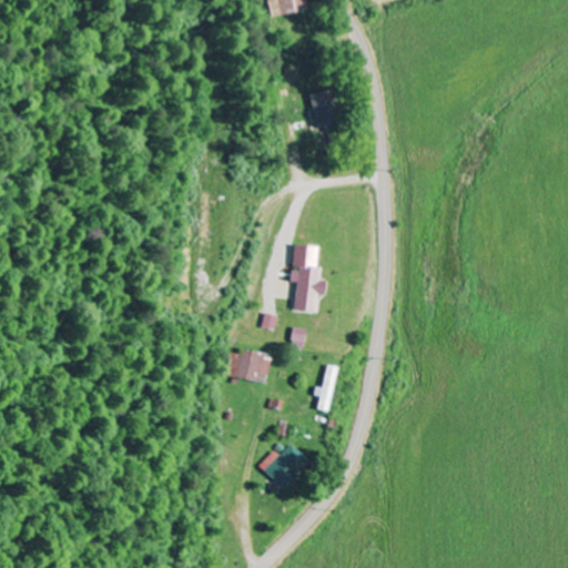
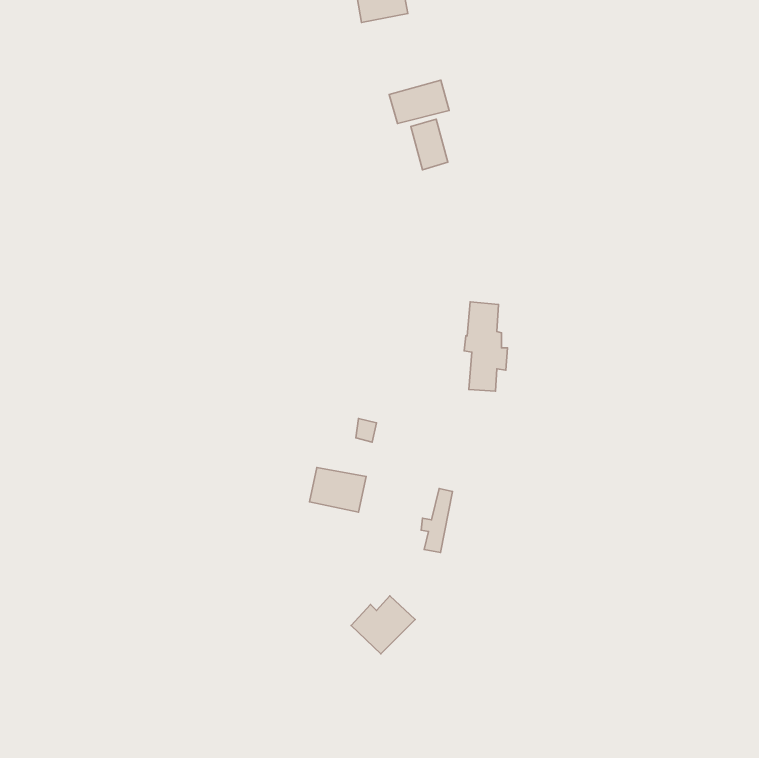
building: none -> [389,80,449,124]
building: [291,244,323,311] -> [464,302,507,391]

